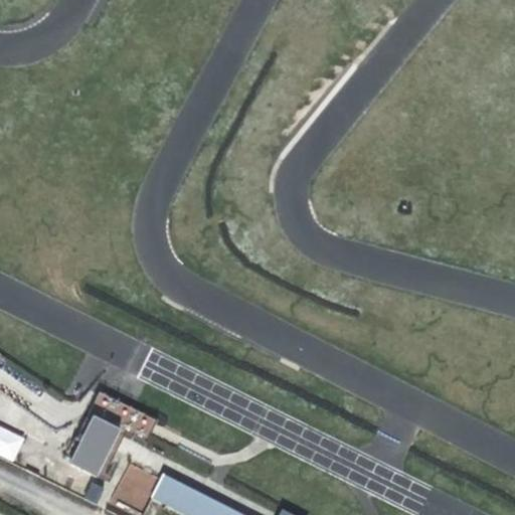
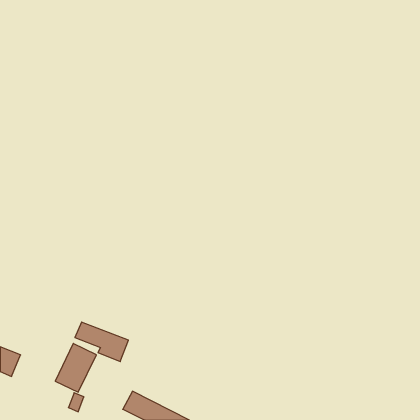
building: [114,462,158,508] -> none

